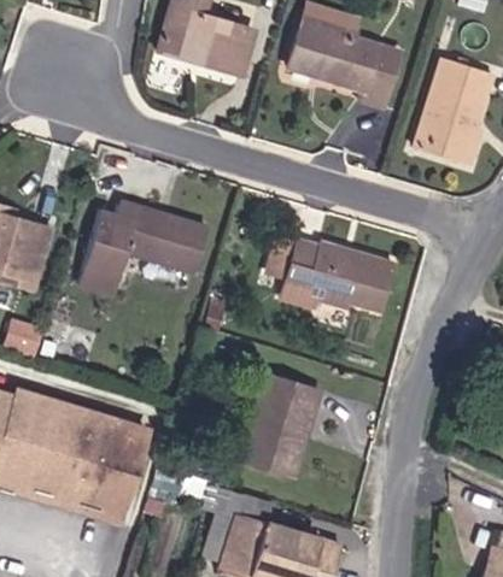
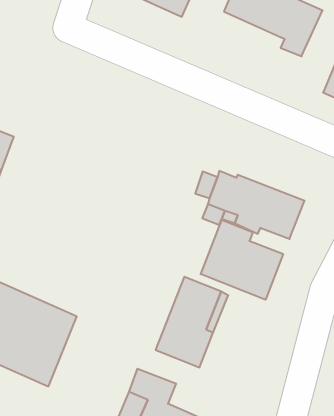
building: [77,210,206,295] -> none
building: none -> [201,220,283,300]

